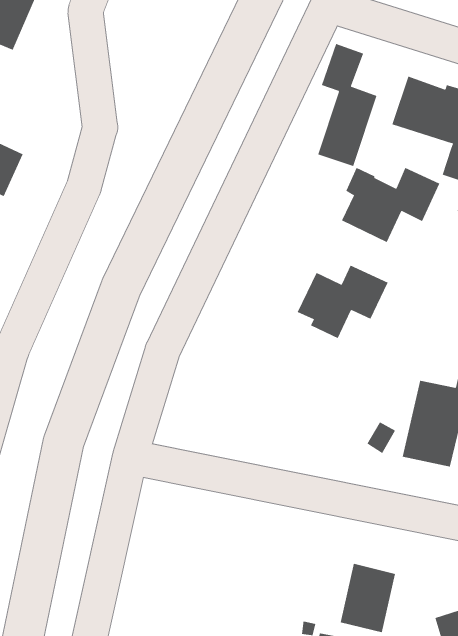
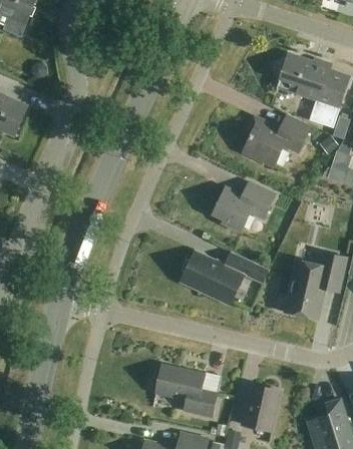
building: [318,43,377,167] -> none
building: none -> [181,251,268,305]
building: none -> [155,364,217,416]

